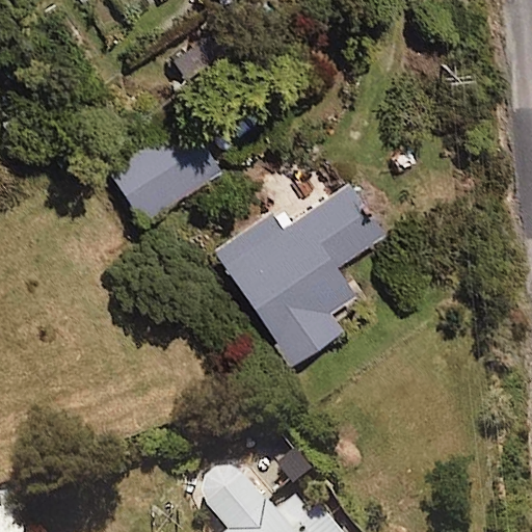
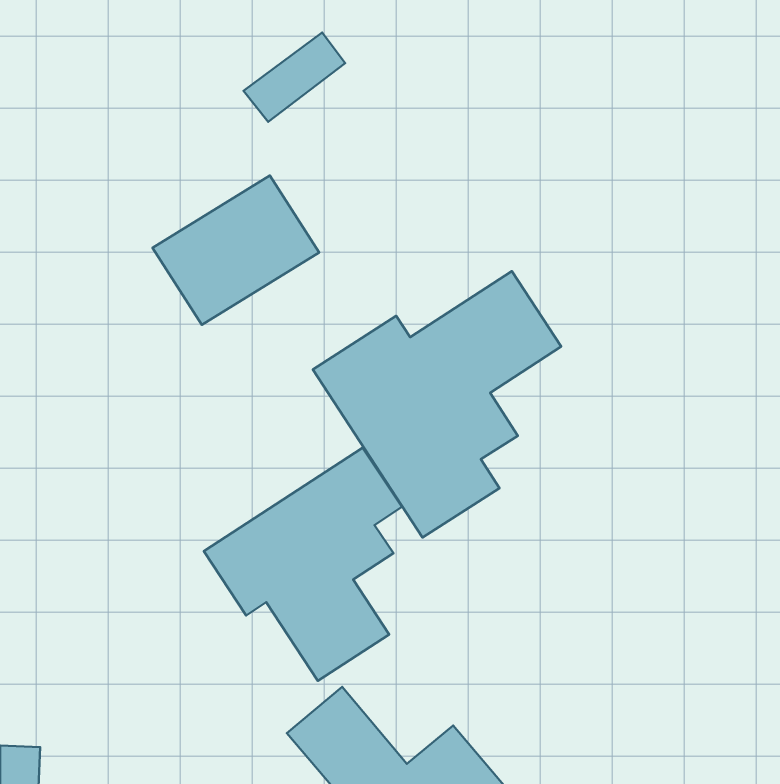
building: none -> [204,448,402,681]

